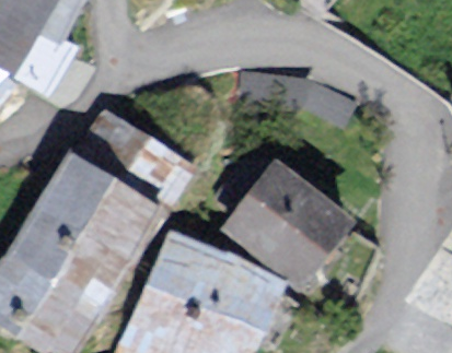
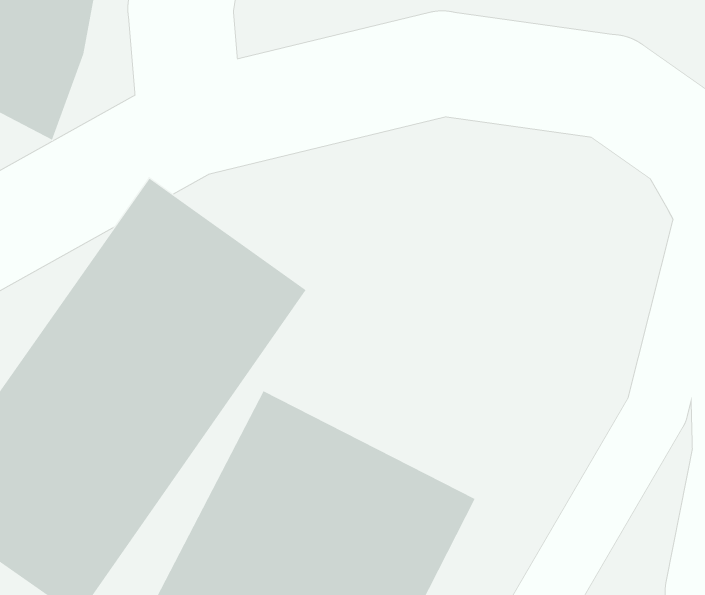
building: [219,152,343,273] -> none

